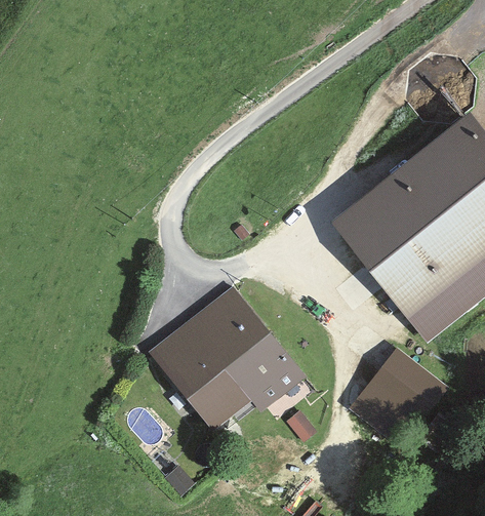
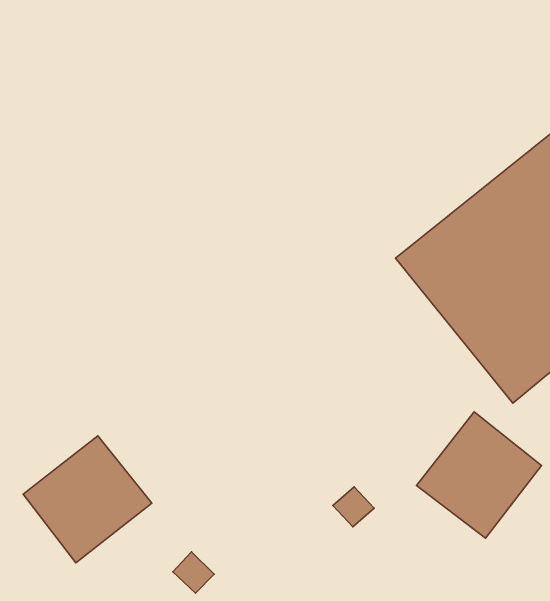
building: [138,281,304,437] -> none
building: none -> [23,436,152,563]

